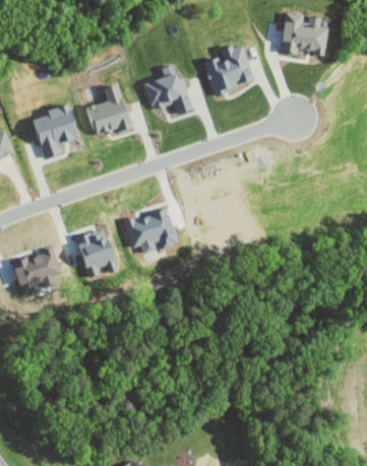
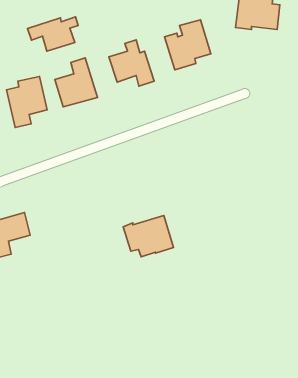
building: none -> [27,17,78,51]
building: [124,208,178,253] -> [123,215,173,257]
building: [78,234,116,277] -> none

